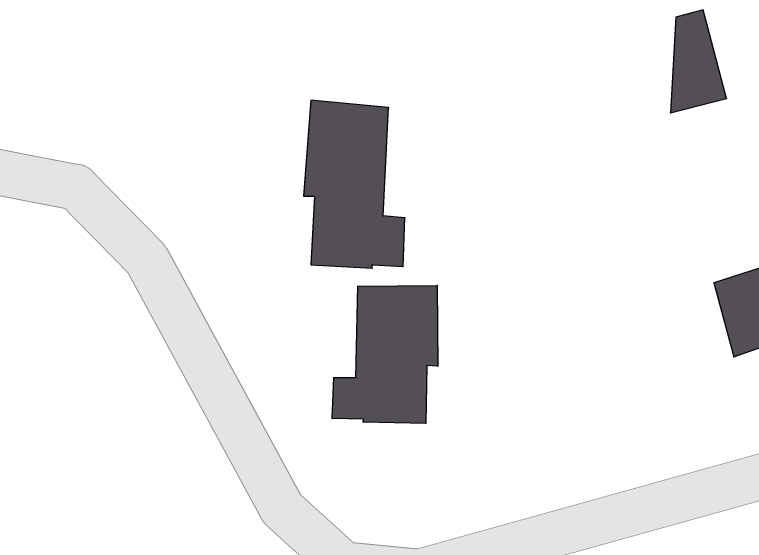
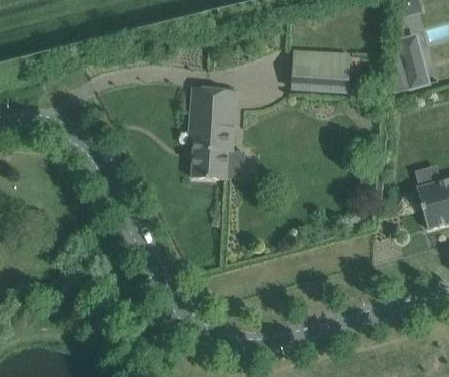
building: none -> [291,48,351,91]
building: [332,285,438,423] -> none

